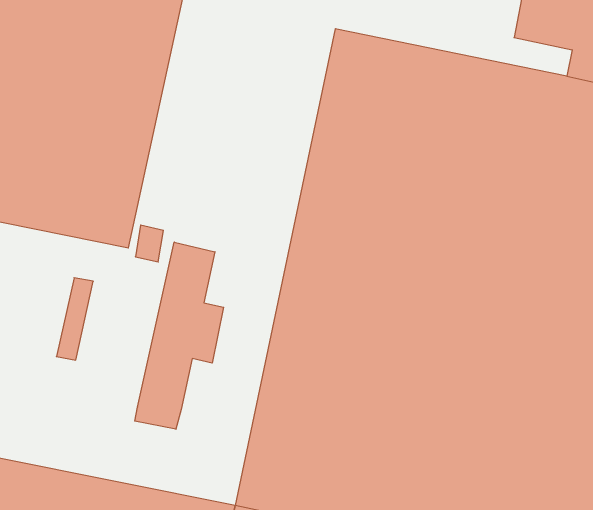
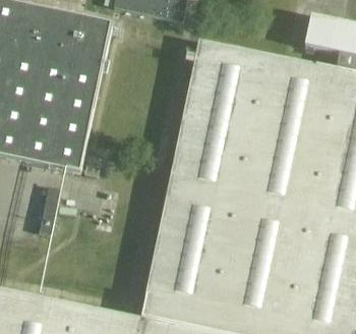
building: [135,242,224,429] -> none

